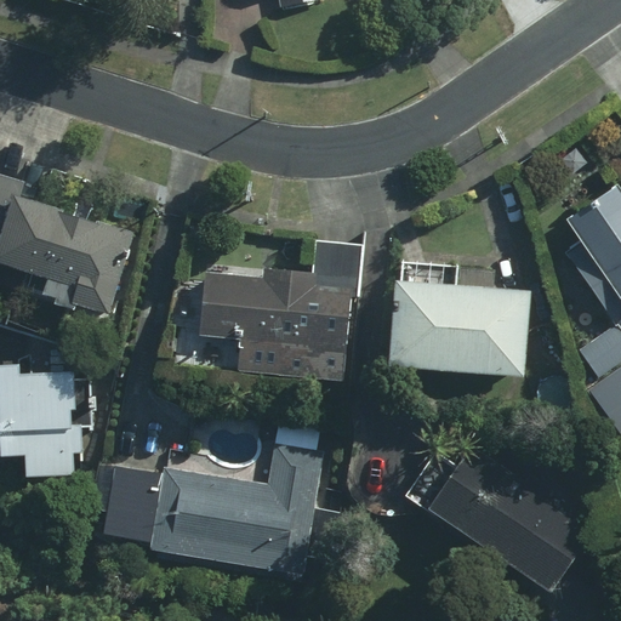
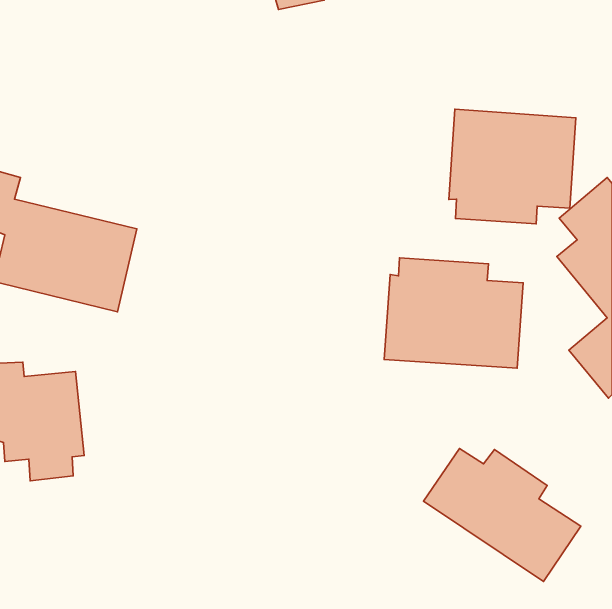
building: none -> [449,109,576,224]
building: [200,243,358,377] -> none
building: [107,428,326,570] -> none

